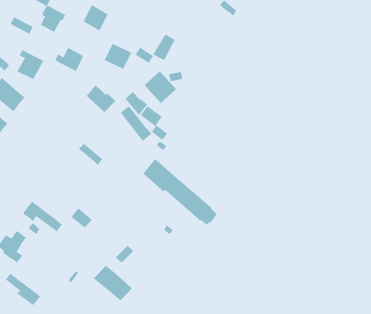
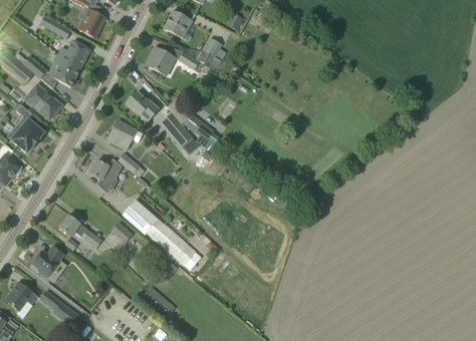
building: [83,5,109,31] -> [165,10,192,38]
building: [55,47,84,72] -> [59,40,90,66]
building: [144,70,177,104] -> none
building: none -> [110,120,143,149]
building: none -> [90,158,123,192]
building: [143,158,217,225] -> [123,199,202,270]

